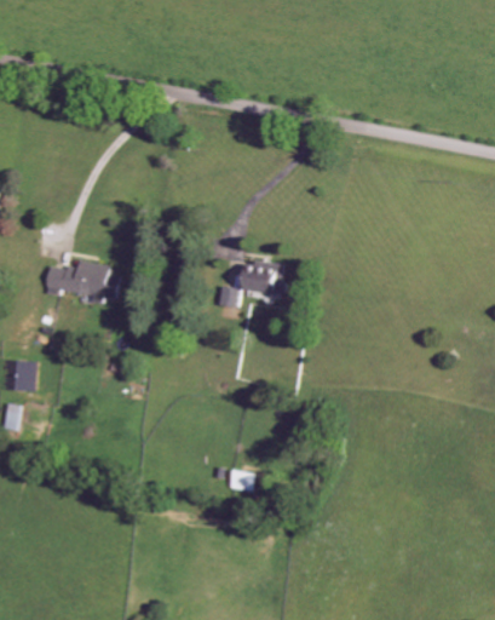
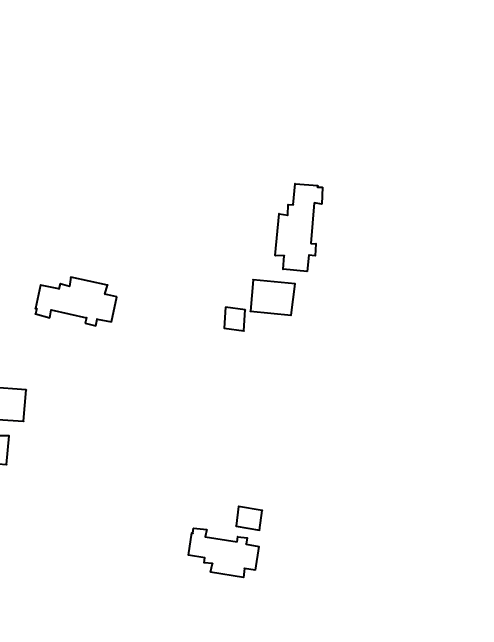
building: none -> [275,184,322,271]
building: none -> [188,528,259,577]

